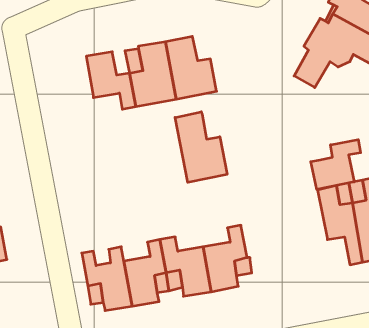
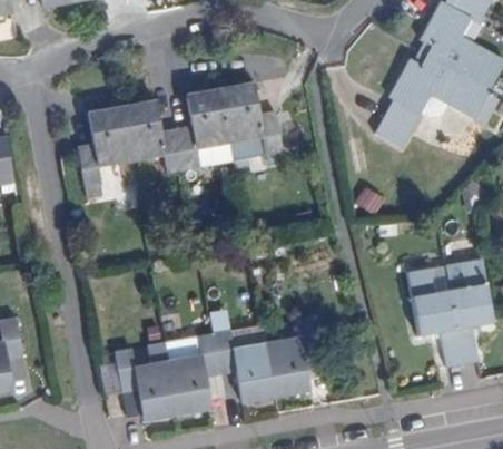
building: none -> [76,106,130,187]
building: [175,112,227,182] -> none
building: [311,140,361,189] -> none

